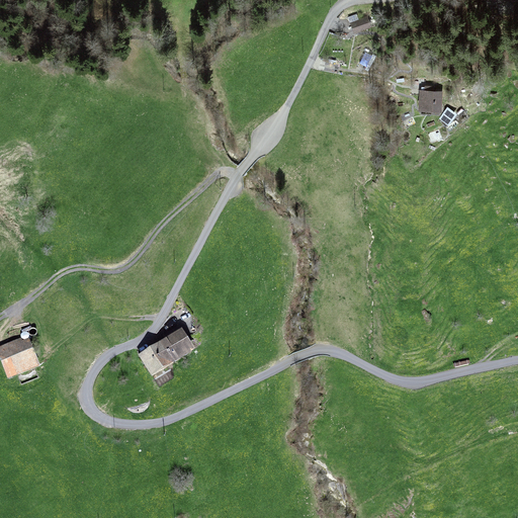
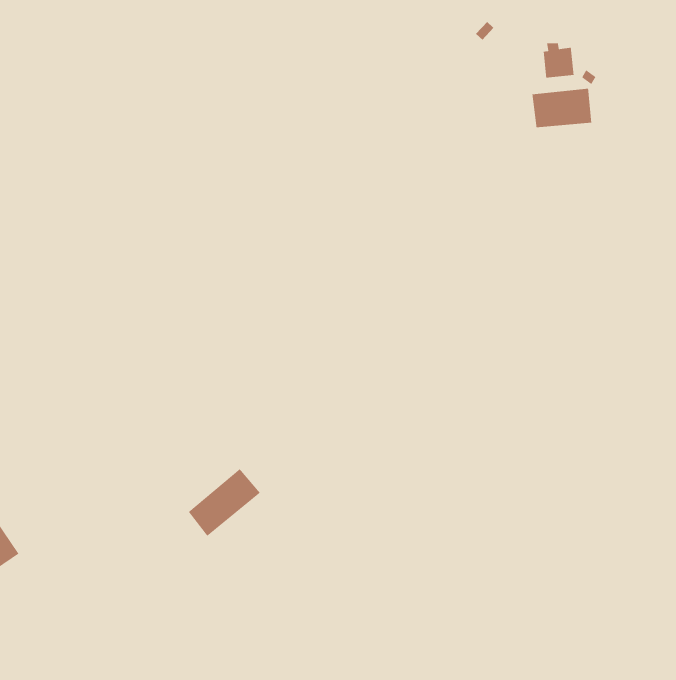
building: none -> [531,88,592,128]

